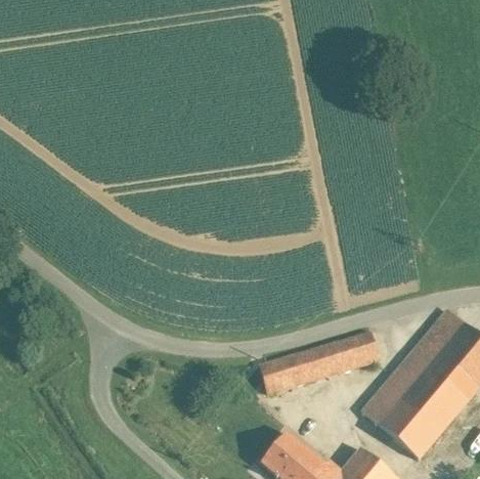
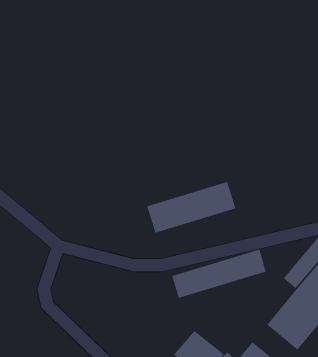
building: none -> [147,181,236,233]
building: [362,368,417,427] -> none

